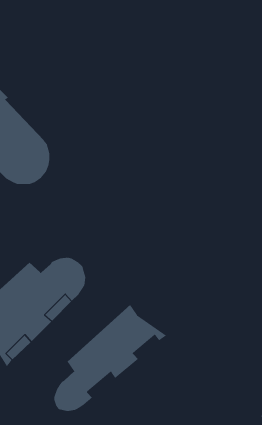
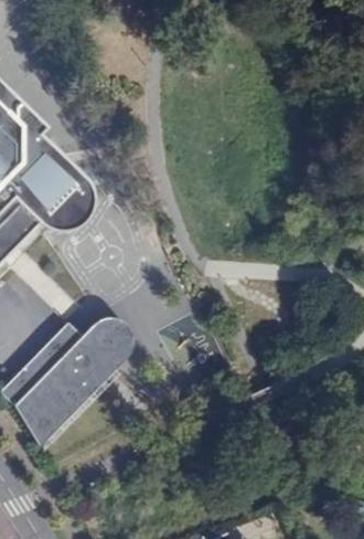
building: [54,304,167,412] -> none

